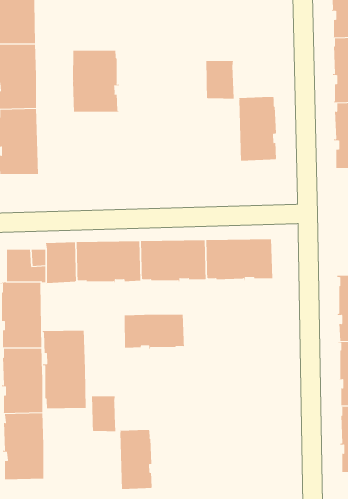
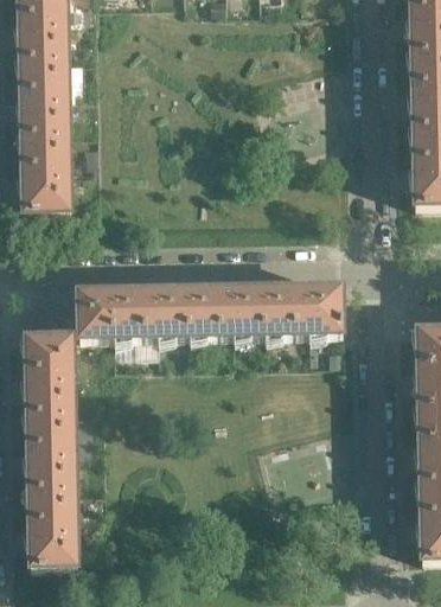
building: [73,50,119,112] -> none
building: [206,60,278,162] -> none
building: [124,314,184,350] -> none
building: [42,330,86,409] -> none
building: [92,396,154,490] -> none

